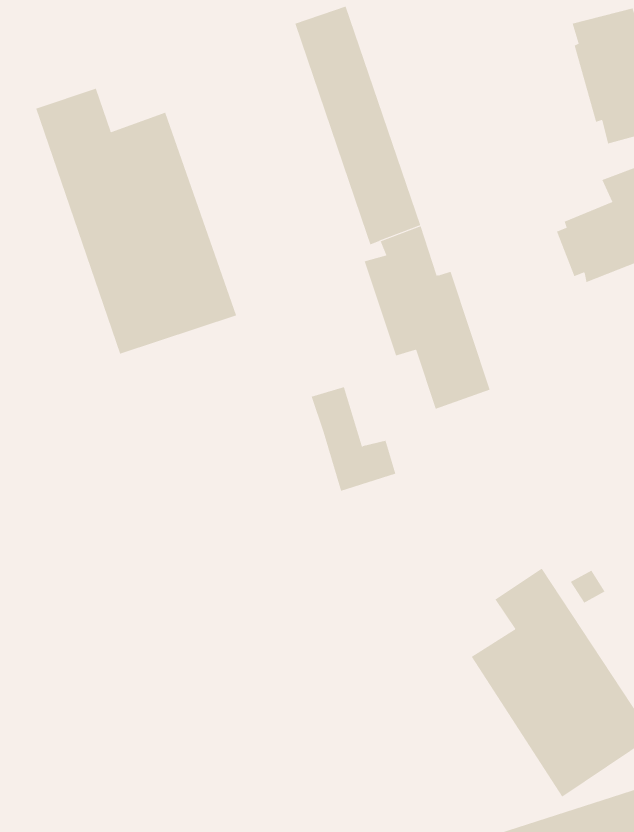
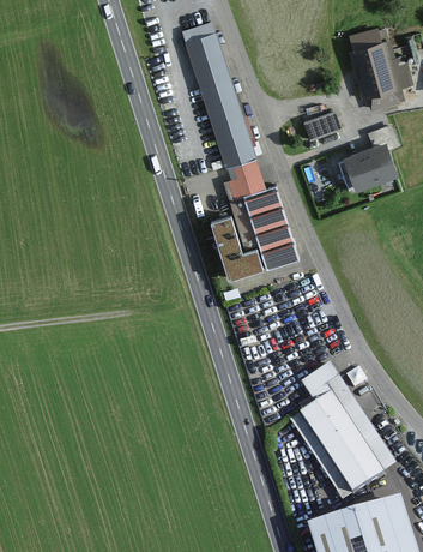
building: [36,88,237,354] -> none
building: none -> [302,109,339,139]
building: [311,387,396,491] -> [212,216,264,280]

